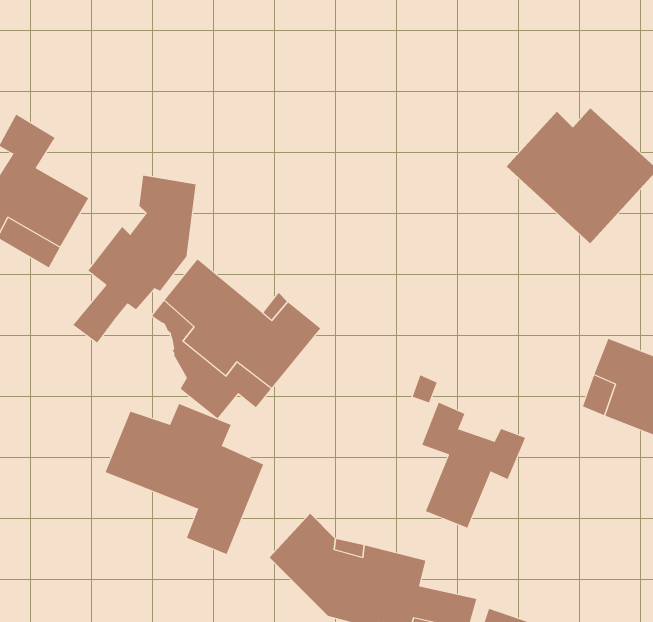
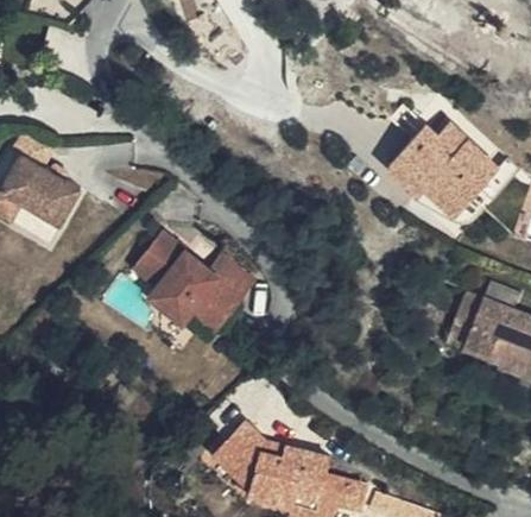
building: [72,175,196,343] -> none
building: [421,402,526,529] -> none
building: [105,403,264,555] -> none

